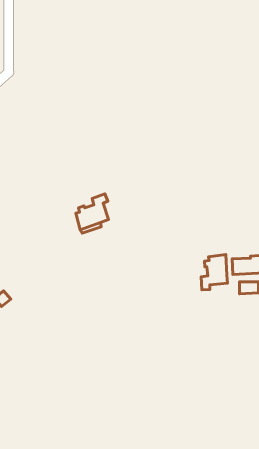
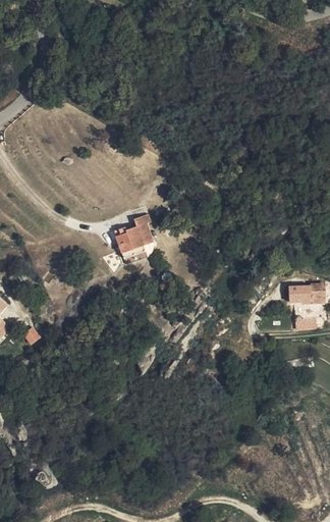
building: [201,255,227,290] -> none

